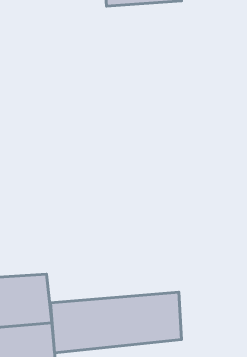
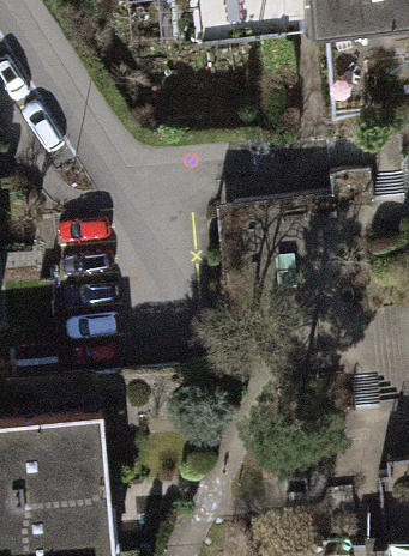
building: [50,292,182,353] -> none

